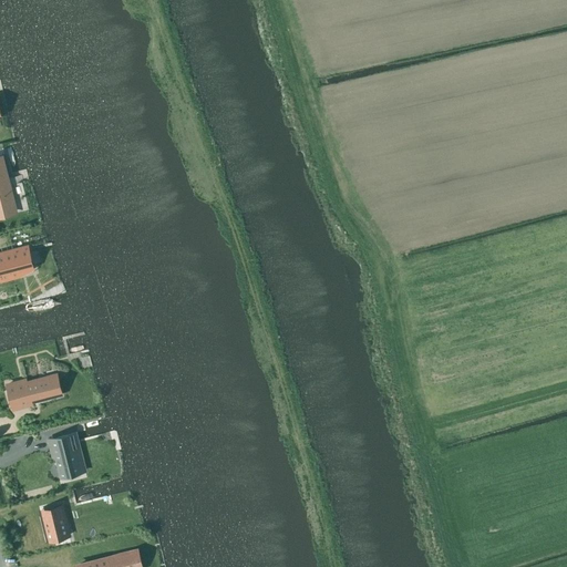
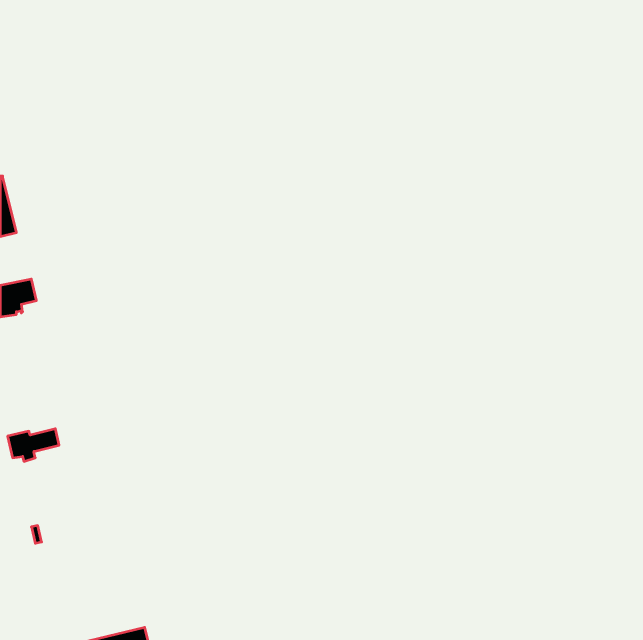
building: [48,433,79,478] -> none
building: [43,507,69,543] -> none

